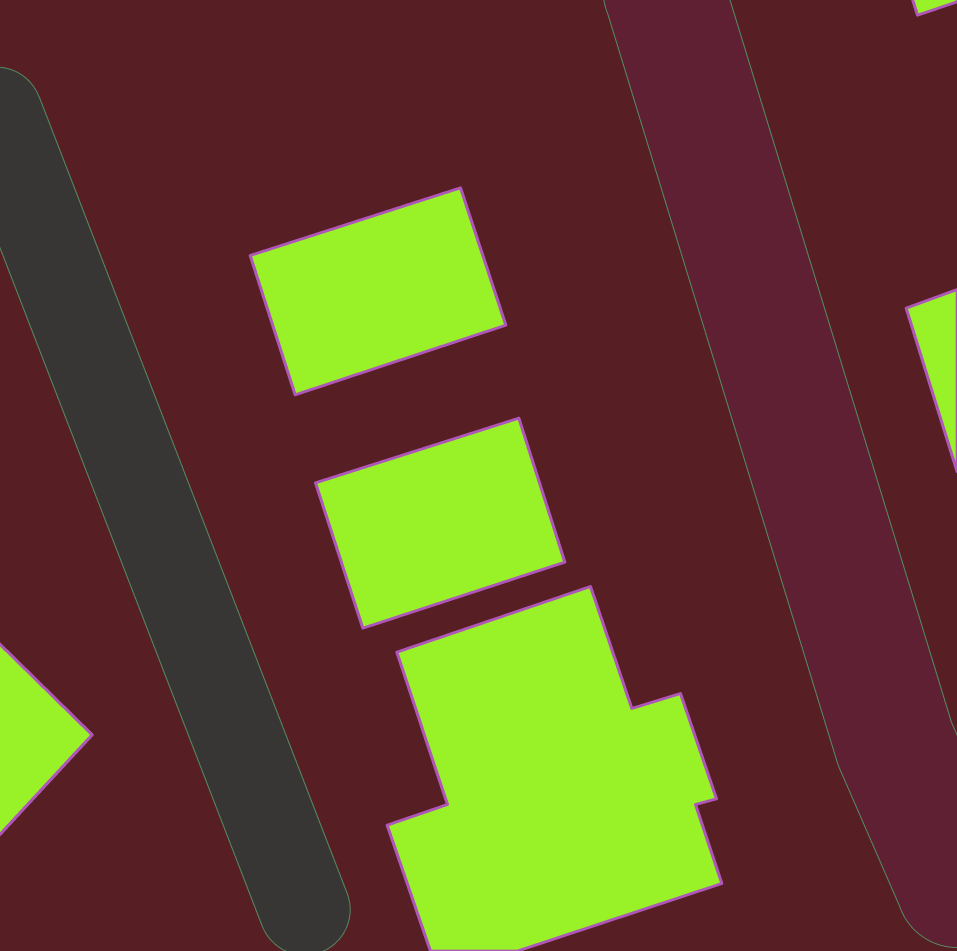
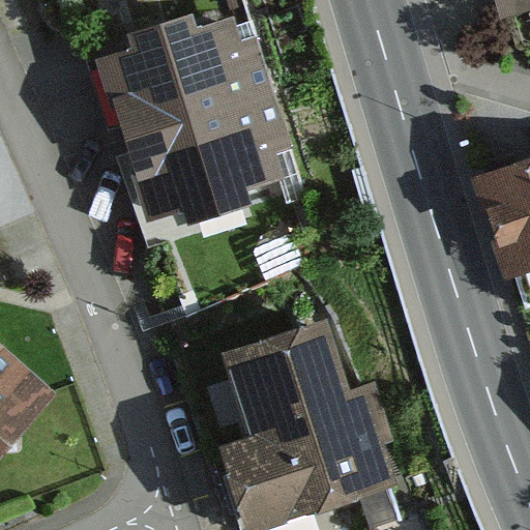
building: none -> [112,27,254,141]
building: [316,418,565,628] -> none

